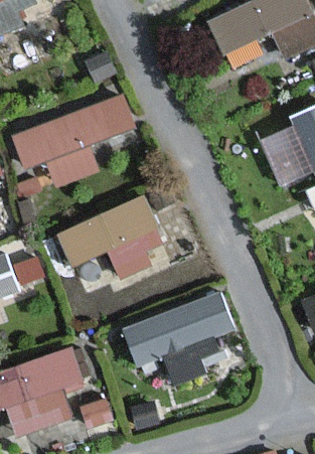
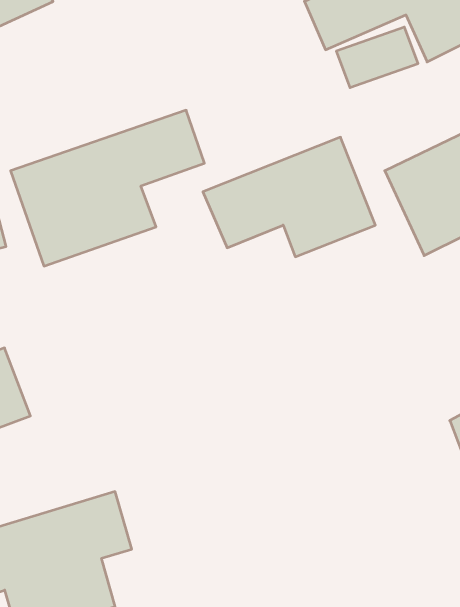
building: [56,195,171,275] -> [203,137,375,257]
building: [120,289,237,367] -> none

